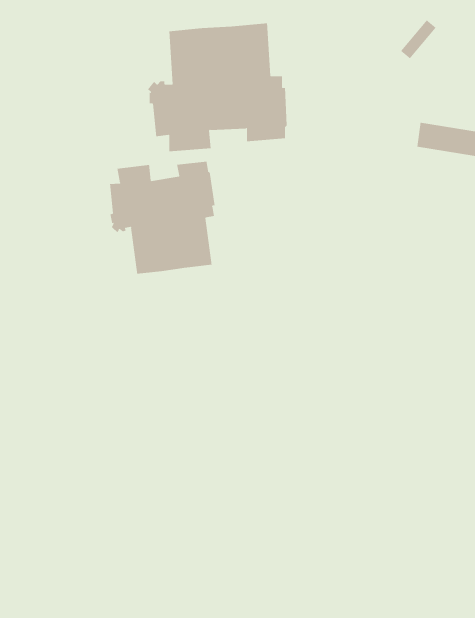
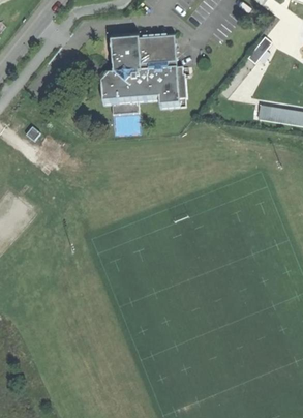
building: [109,161,215,274] -> none

